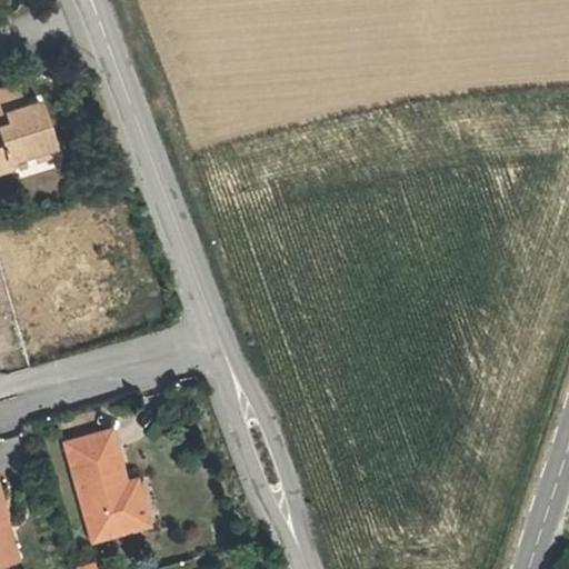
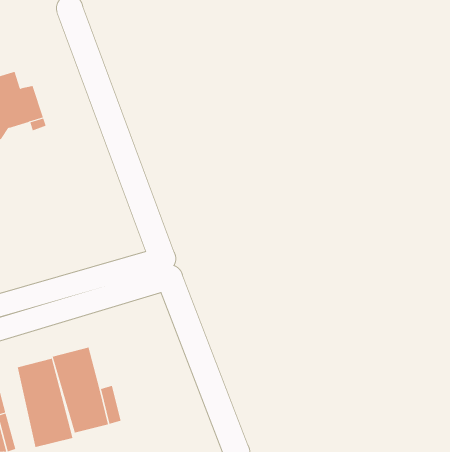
building: none -> [17,358,73,448]

